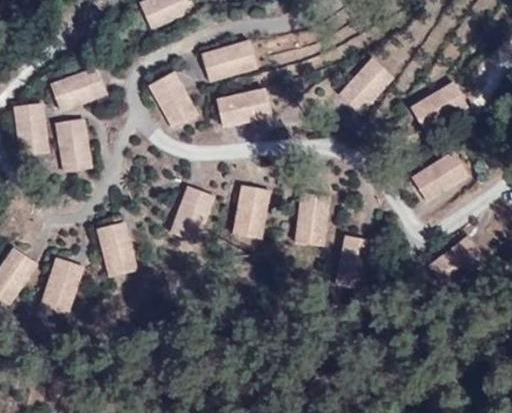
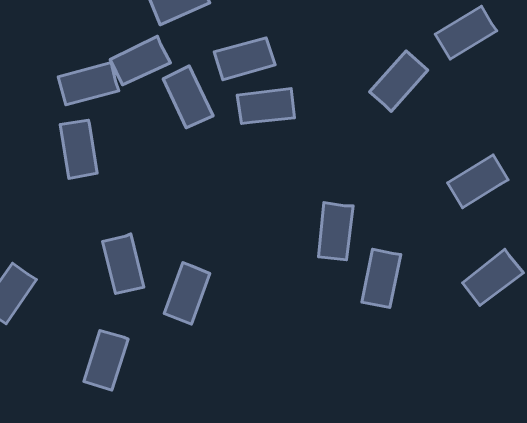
building: none -> [110,36,170,85]
building: [413,80,470,129] -> [435,6,497,59]
building: [18,99,45,149] -> none
building: [231,186,267,240] -> none
building: [169,187,211,244] -> [164,263,210,324]
building: [39,259,80,314] -> [84,331,128,390]

